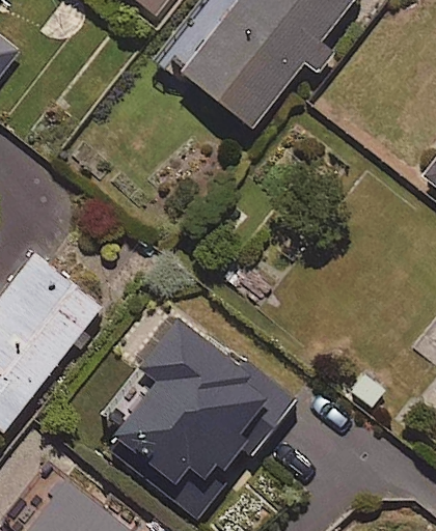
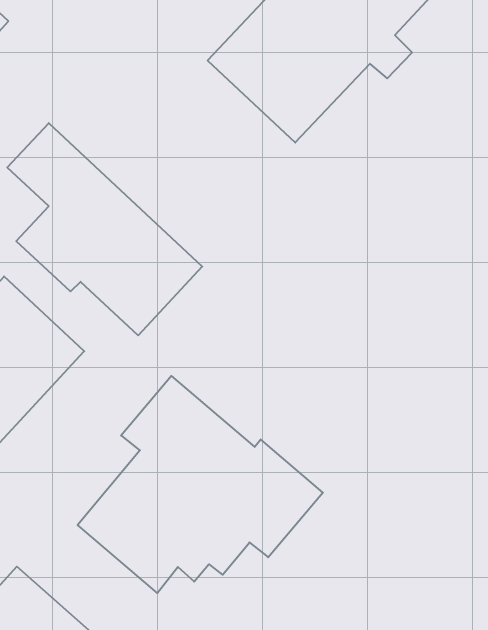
building: none -> [7,123,202,335]

